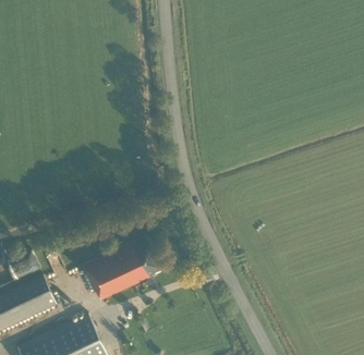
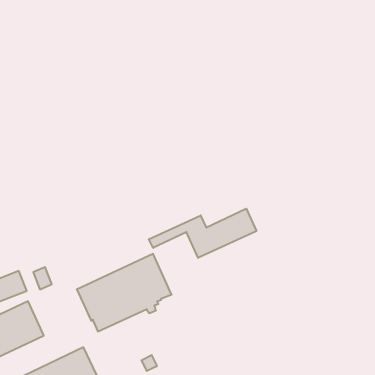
building: none -> [149,209,256,258]

